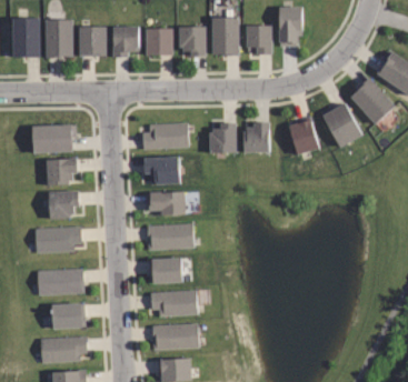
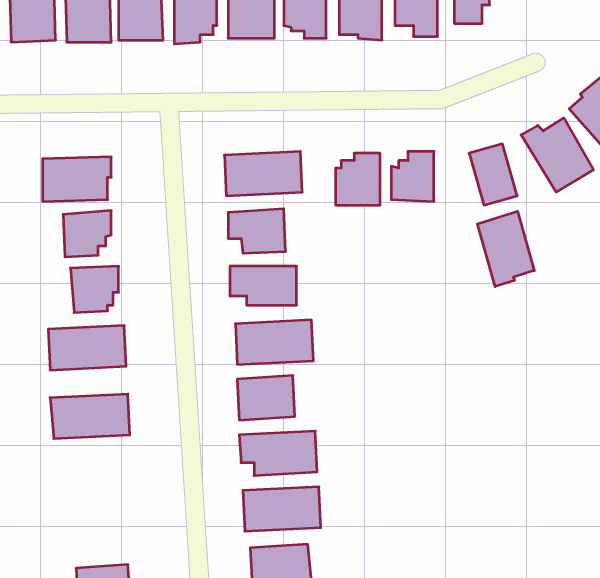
building: none -> [477,211,534,287]
building: [52,302,82,328] -> none
building: [40,335,88,363] -> none

